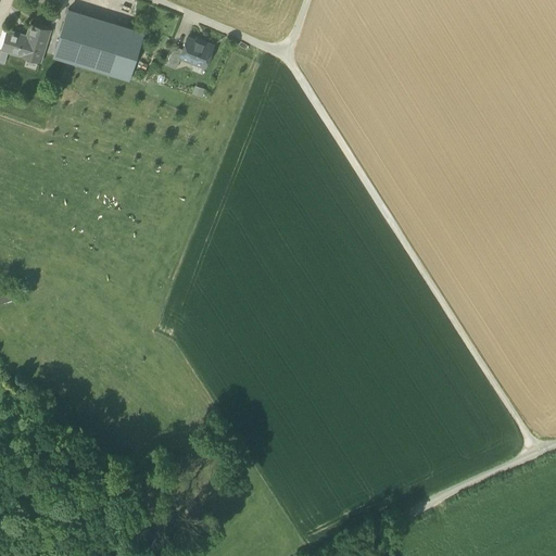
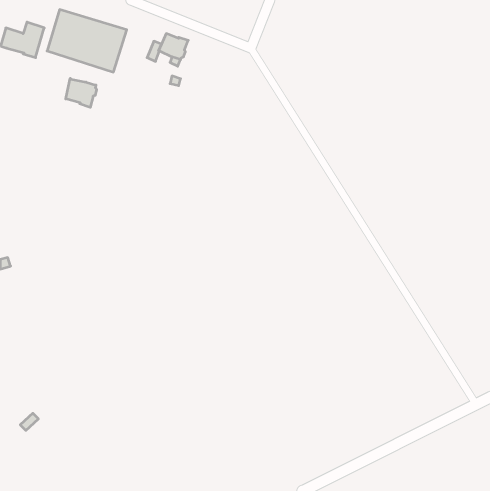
building: none -> [66,78,97,107]

